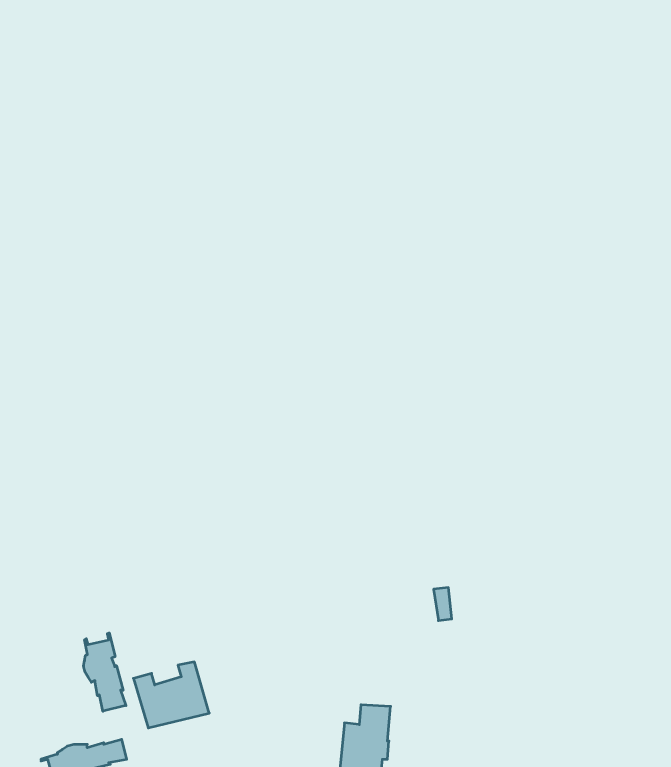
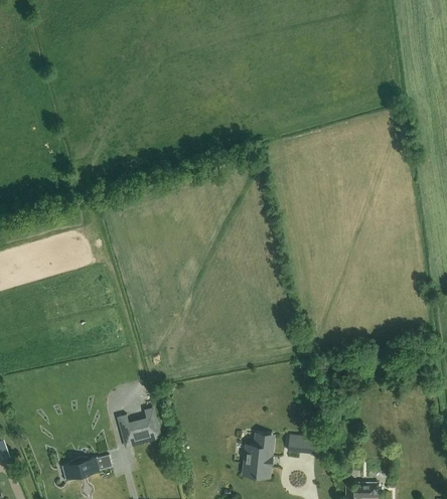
building: [84,633,126,711] -> none
building: none -> [288,437,316,454]

